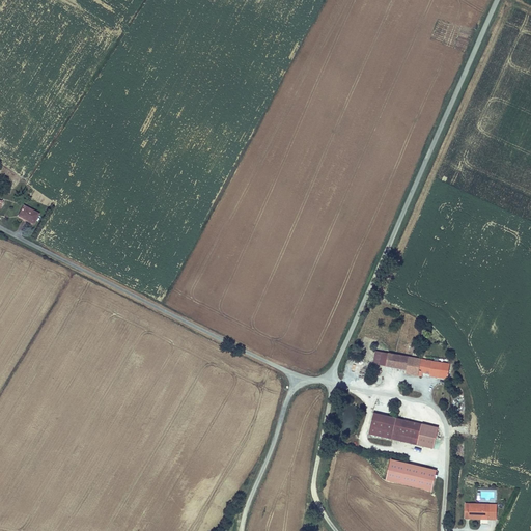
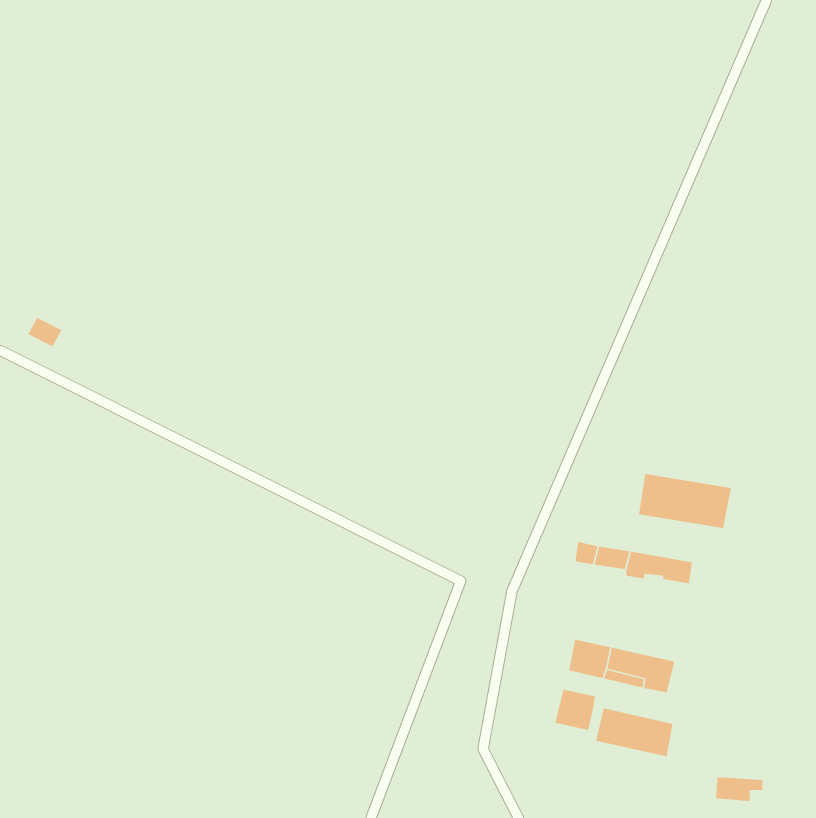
building: none -> [638,473,732,529]
building: none -> [555,689,596,731]

